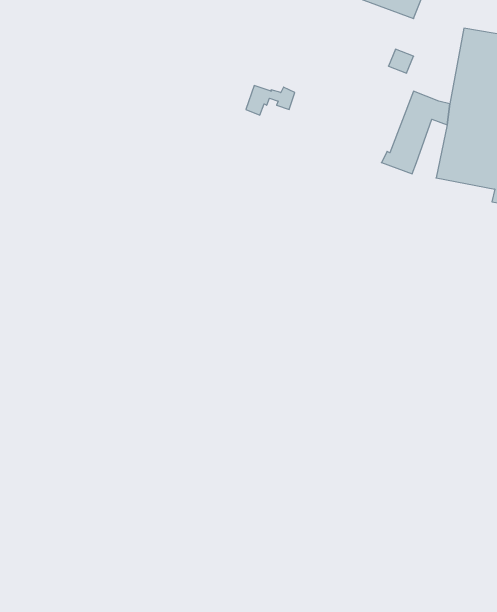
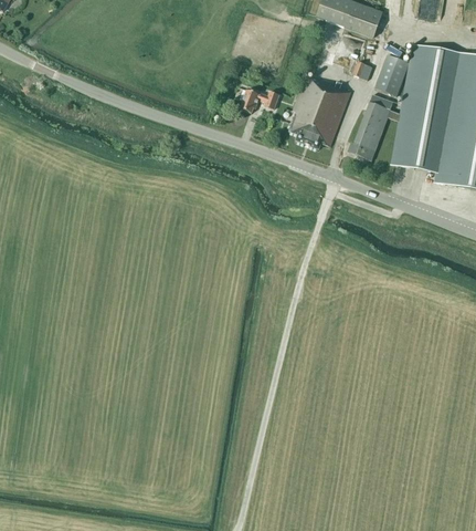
building: none -> [375,54,410,95]
building: none -> [289,76,351,148]

